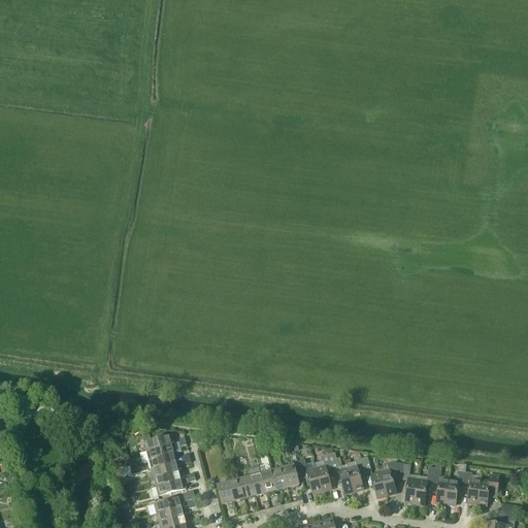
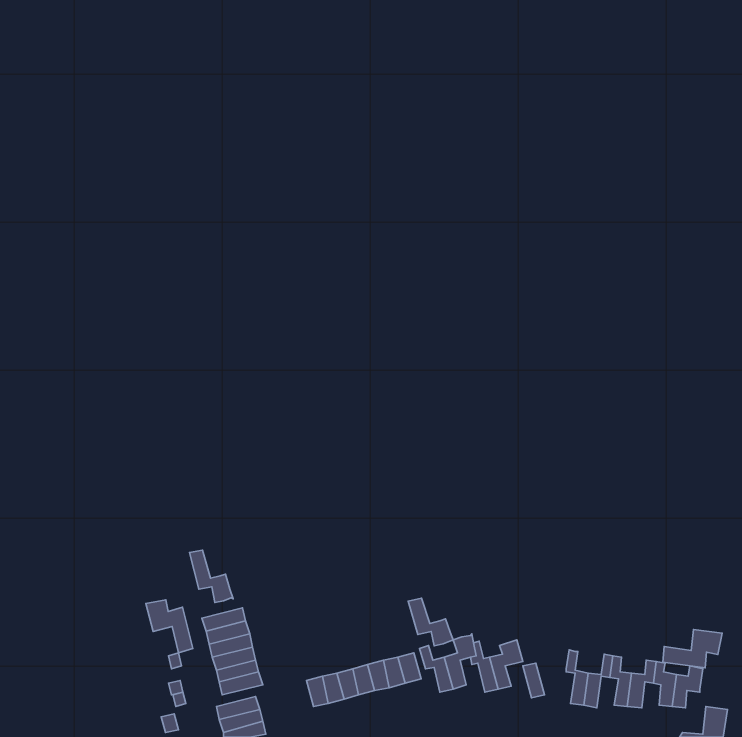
building: none -> [190,550,233,603]
building: none -> [408,598,453,646]
building: none -> [146,600,193,653]
building: none -> [663,629,722,668]
building: [381,460,404,494] -> none

